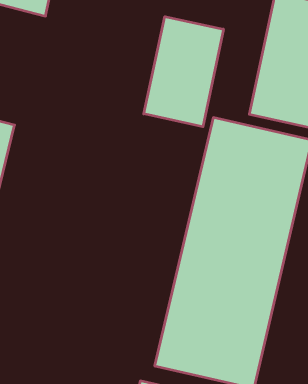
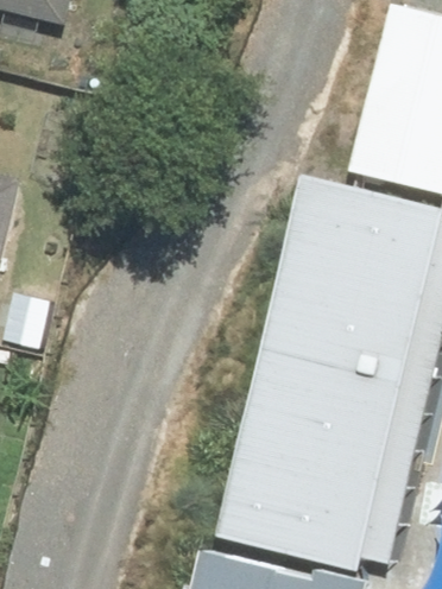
building: [144,17,223,127] -> none

